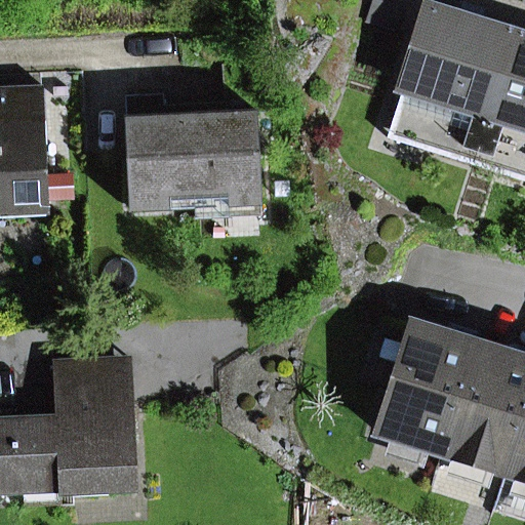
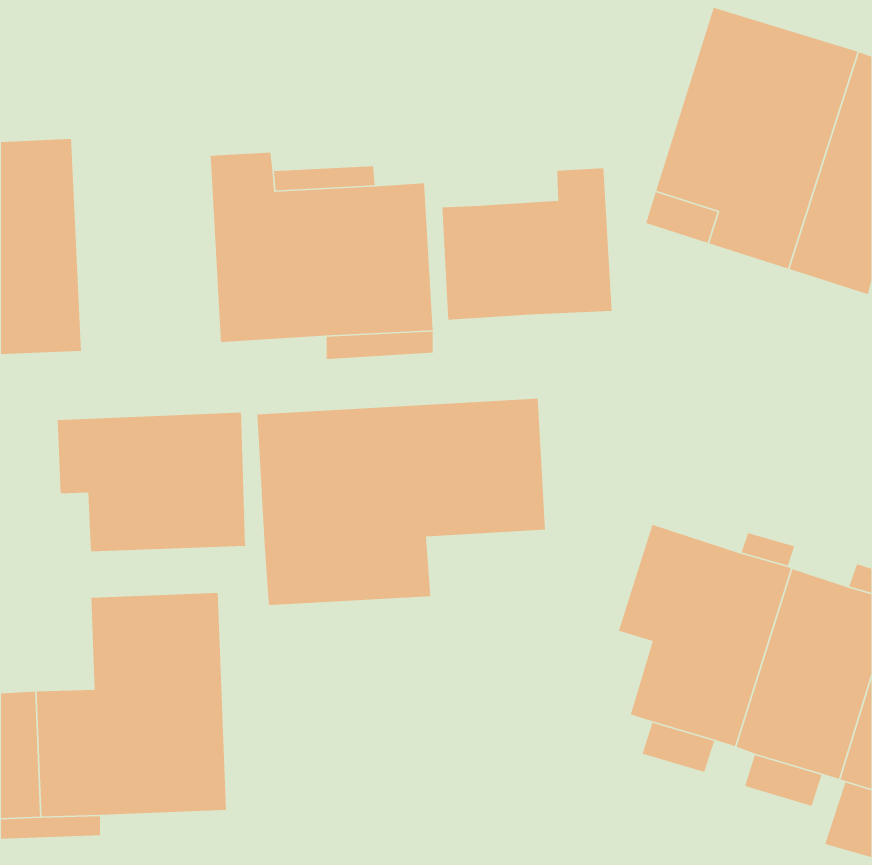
building: none -> [441,167,612,321]
building: none -> [256,398,546,606]
building: none -> [57,412,246,552]

